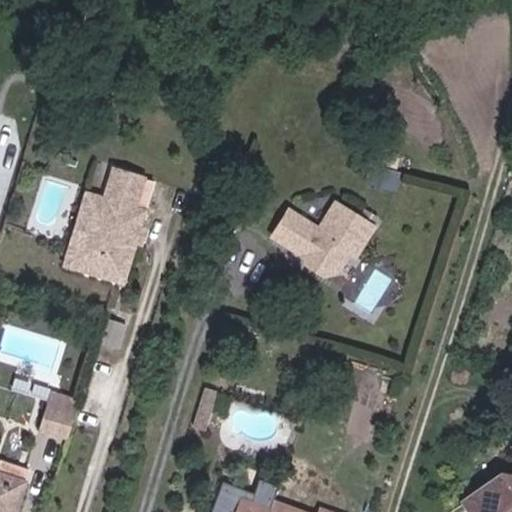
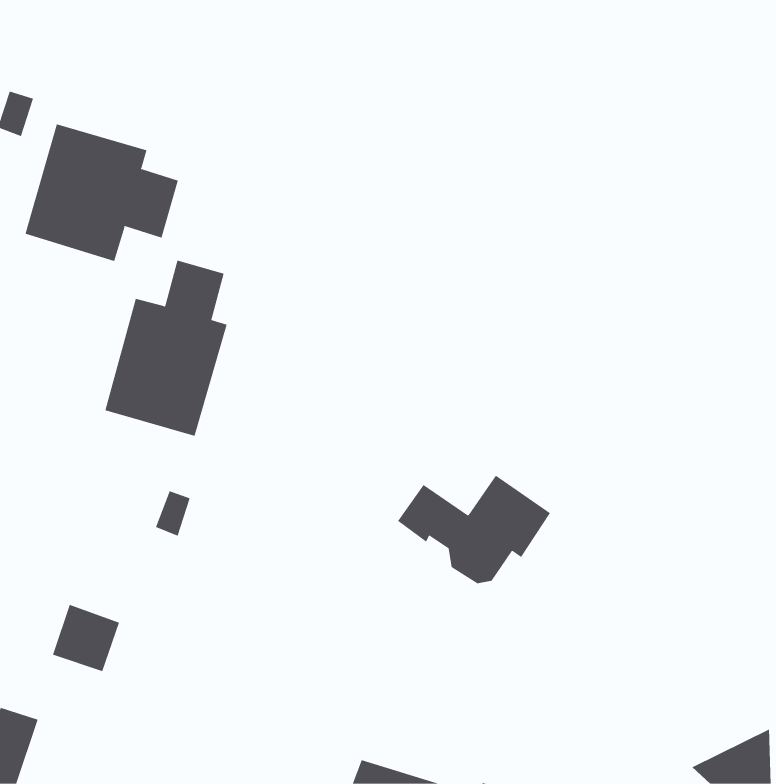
building: none -> [25,124,178,262]
building: [273,205,373,276] -> [397,475,551,584]

